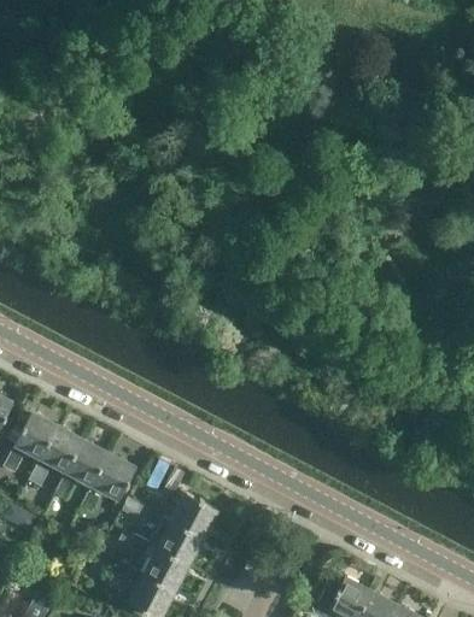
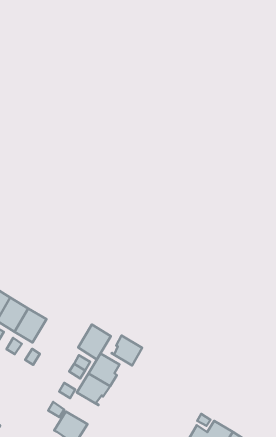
building: [90,453,134,500] -> [78,324,111,359]
building: none -> [111,335,142,365]
building: [141,550,185,589] -> none

